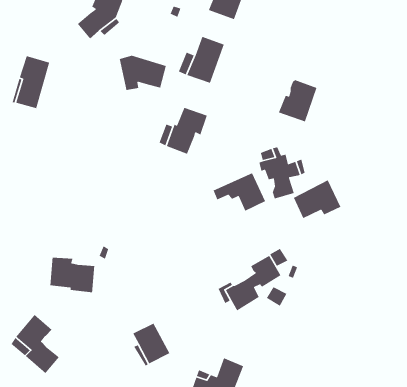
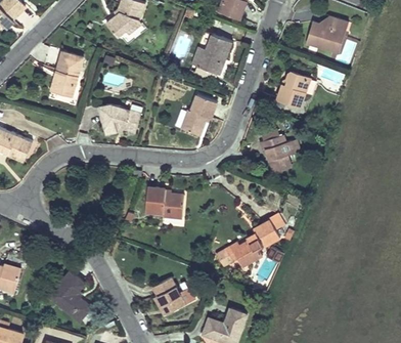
building: none -> [306,16,346,53]
building: [119,55,167,91] -> [99,103,140,134]
building: [212,172,266,212] -> none
building: [293,179,342,219] -> none
building: [49,257,95,293] -> [145,187,184,218]

